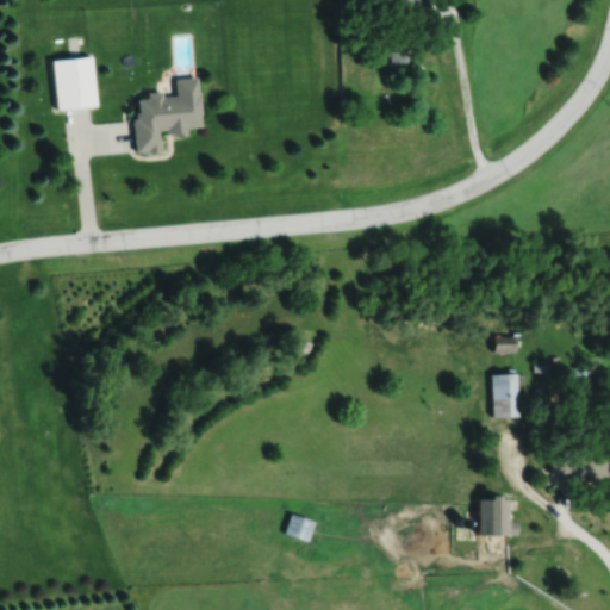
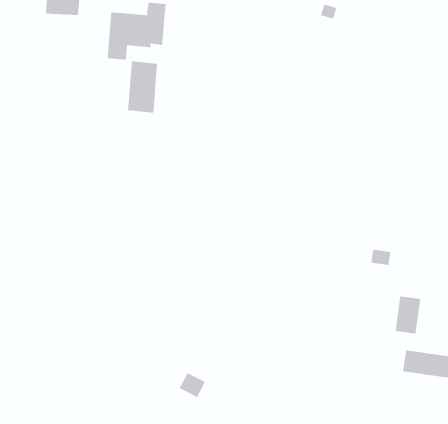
building: none -> [128,60,158,114]
building: [487,374,513,417] -> [395,296,421,334]
building: [473,497,505,534] -> none

